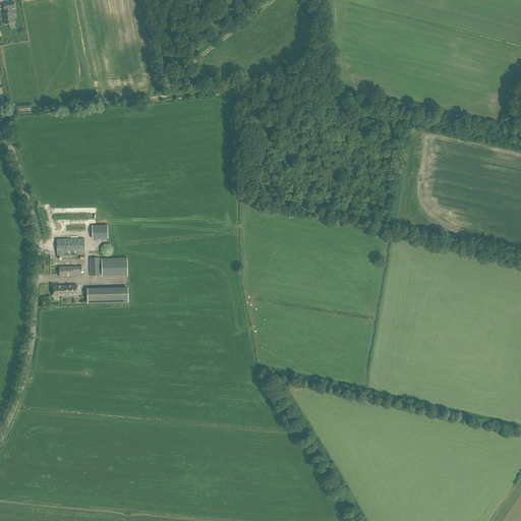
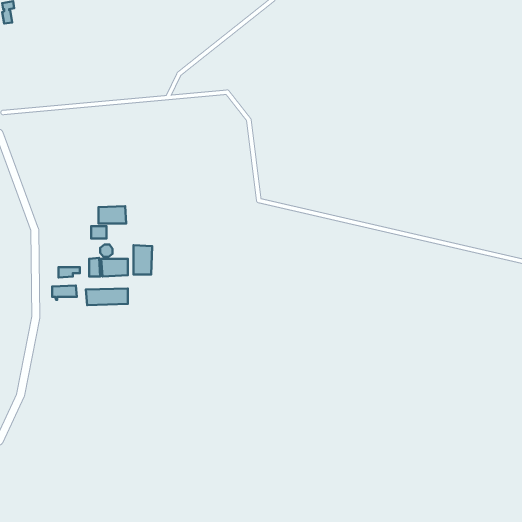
building: [56,237,83,254] -> [99,206,126,224]
building: none -> [133,245,152,275]

